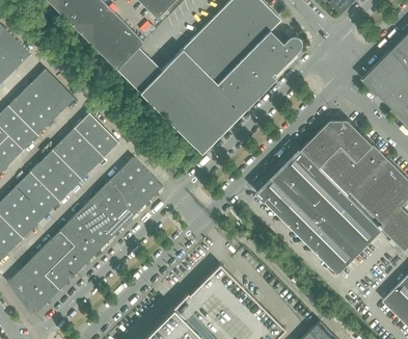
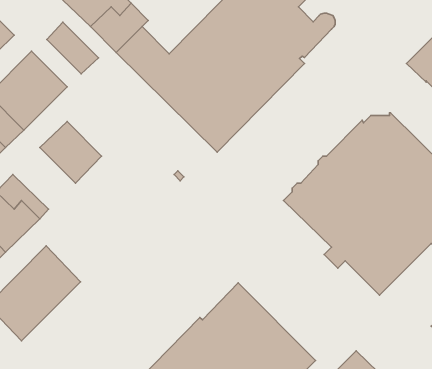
building: [75,113,118,157] -> [47,22,99,74]
building: [29,150,82,202] -> none
building: [57,157,162,263] -> none

